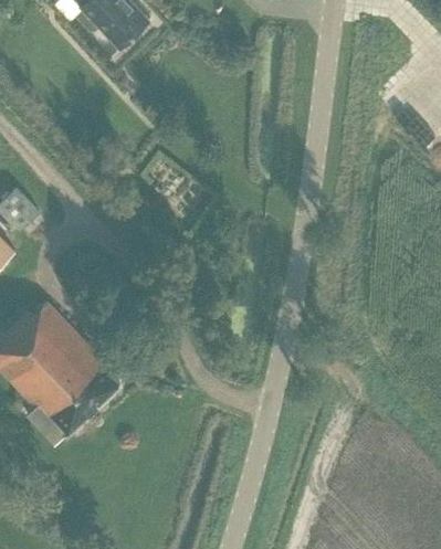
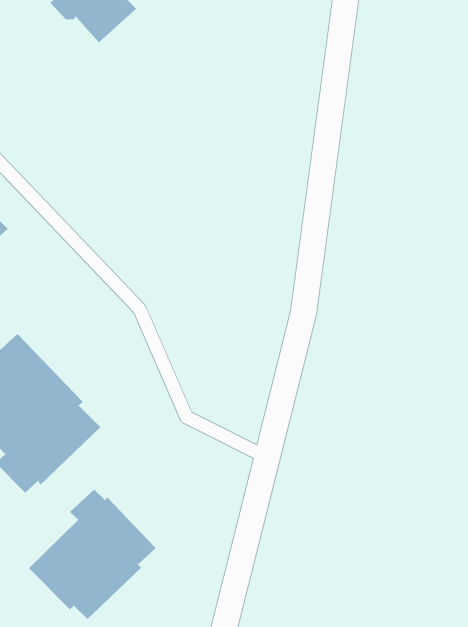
building: none -> [28,489,157,620]

